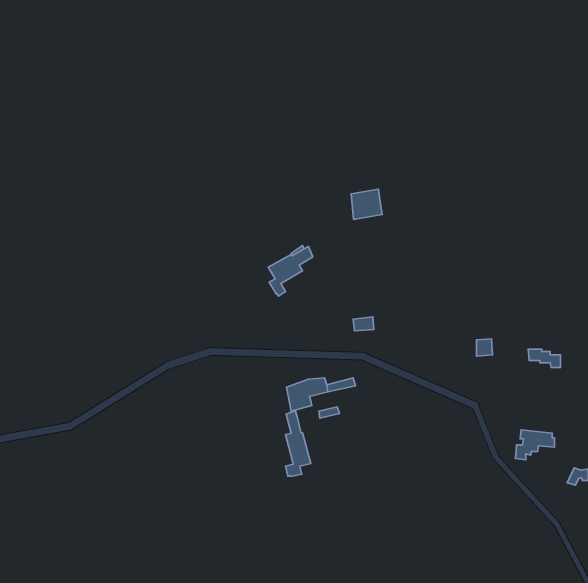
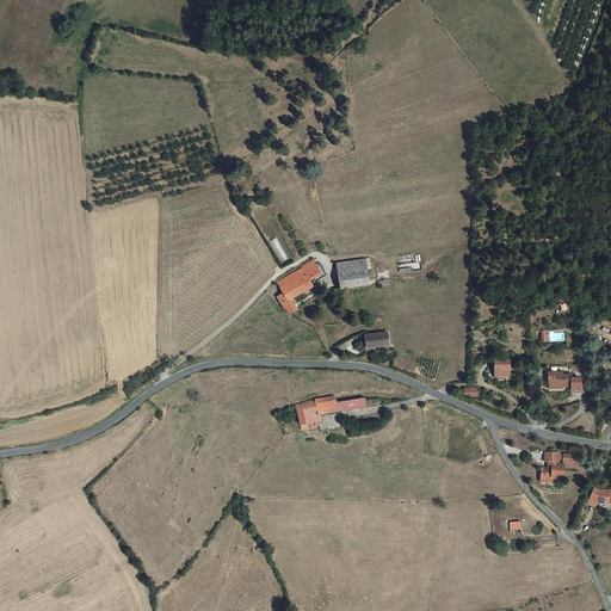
building: [351,189,382,219] -> [337,257,369,288]
building: [286,411,311,476] -> none

